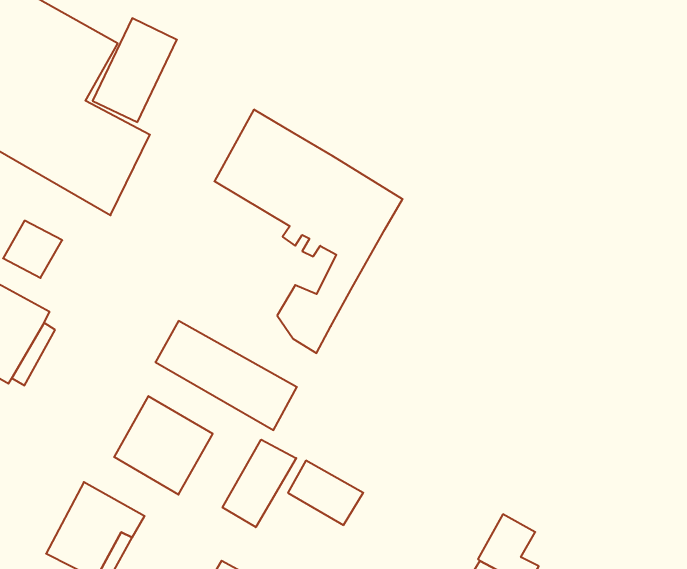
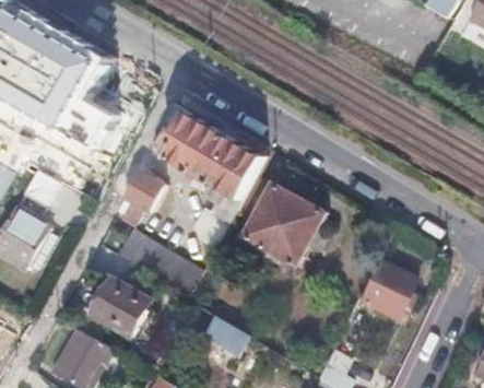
building: none -> [126,168,167,211]
building: none -> [238,175,328,263]
building: none -> [357,260,417,318]
building: [223,440,296,527] -> none

